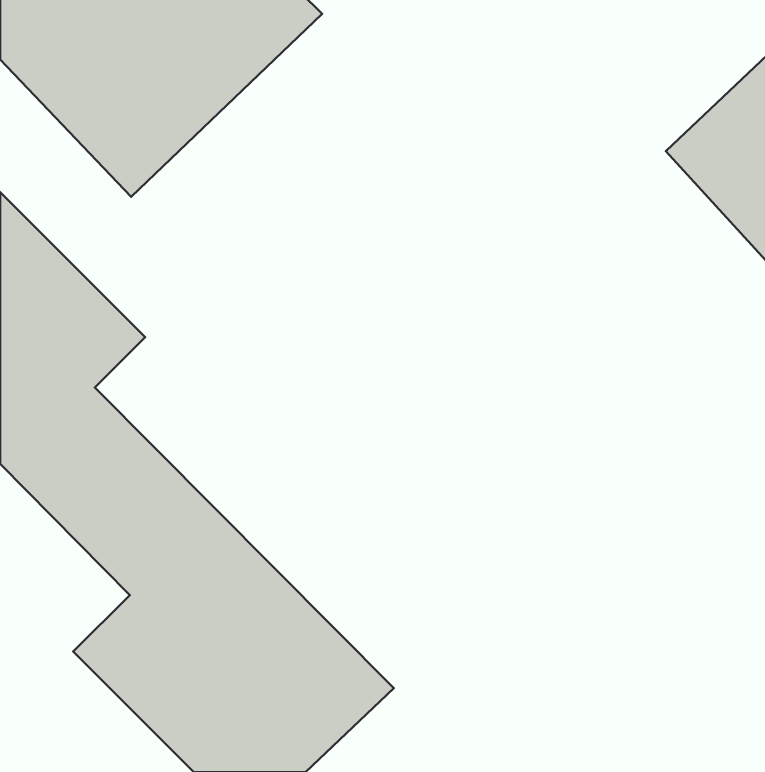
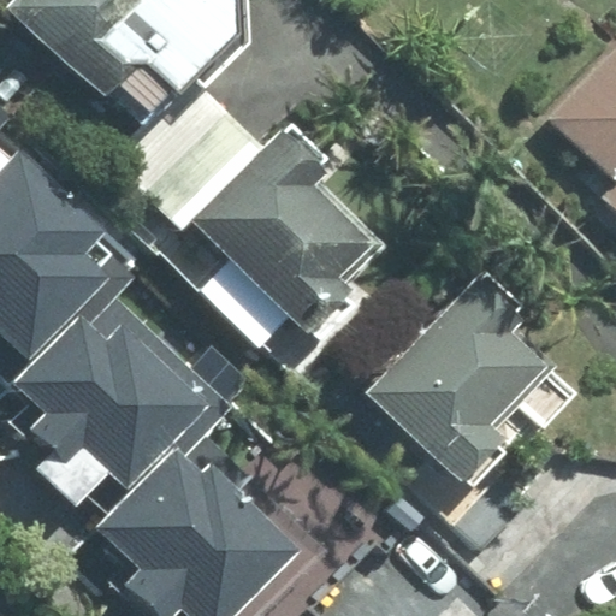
building: none -> [177,113,397,337]
building: none -> [349,271,580,498]

